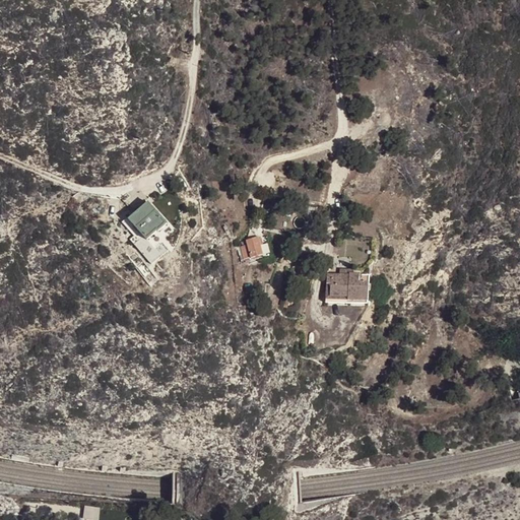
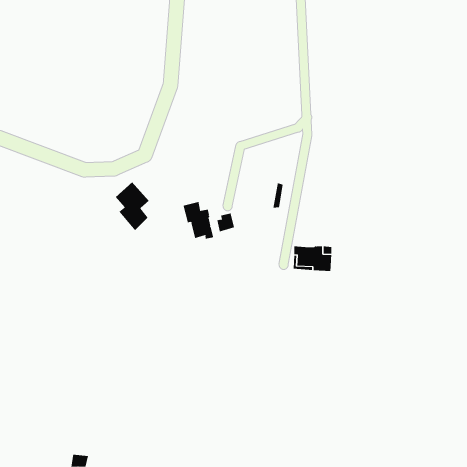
building: none -> [183,201,214,239]

